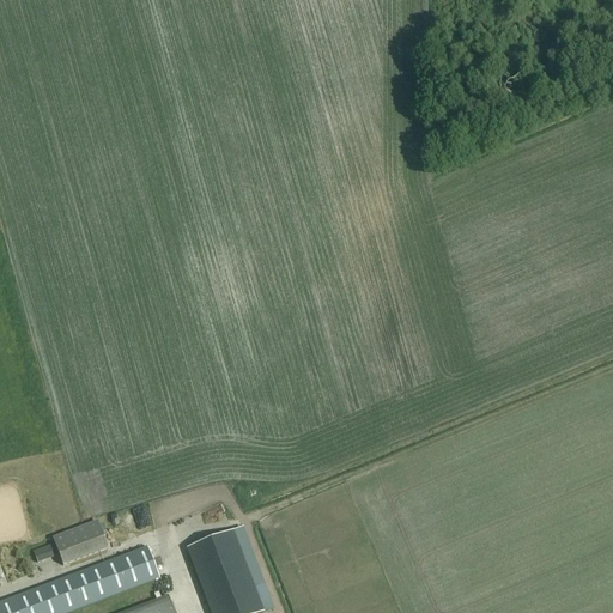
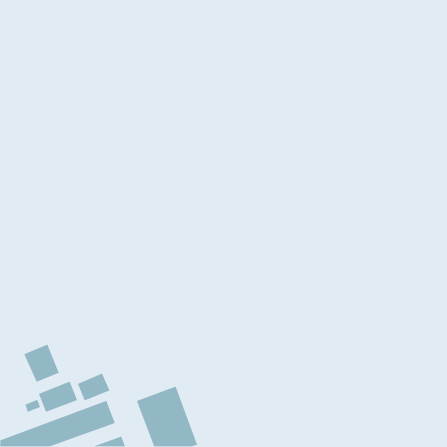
building: none -> [23,343,60,383]
building: none -> [77,372,110,402]

